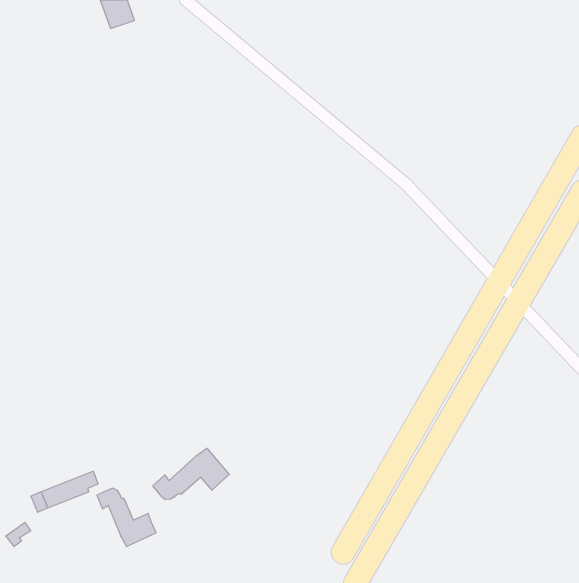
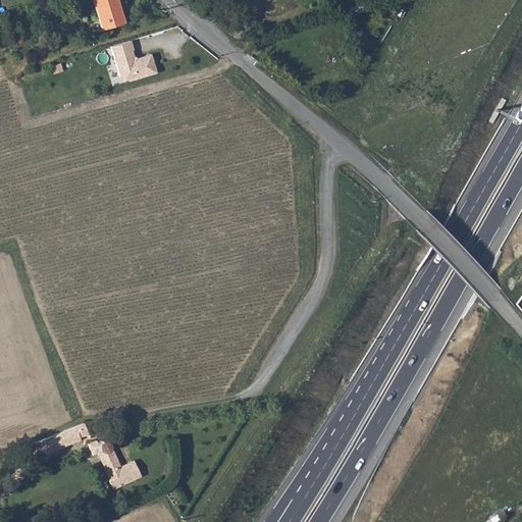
building: none -> [111,41,156,82]
building: [153,448,229,500] -> none

